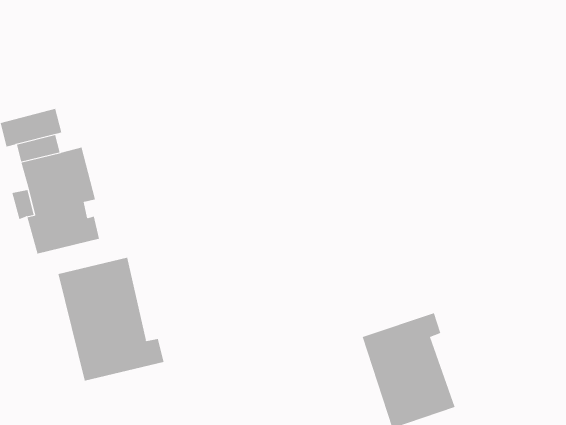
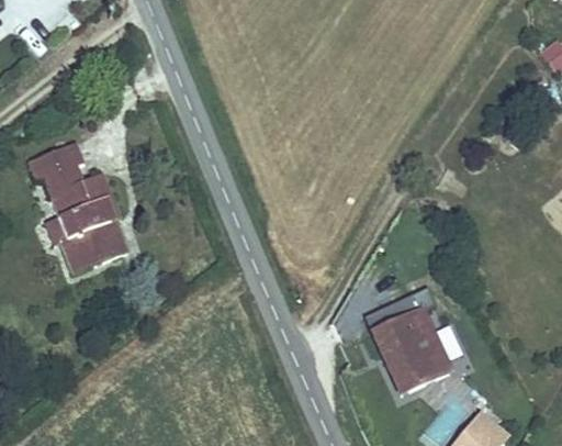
building: [58,257,164,382] -> none

